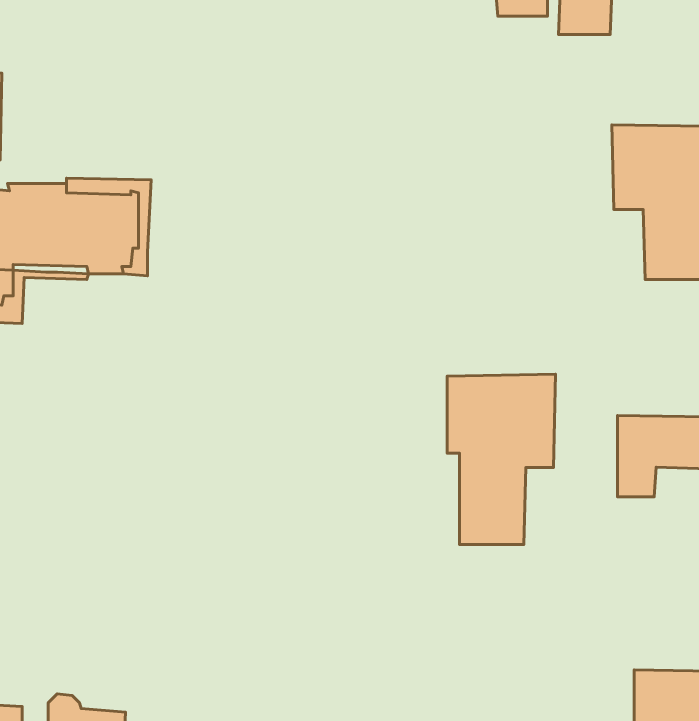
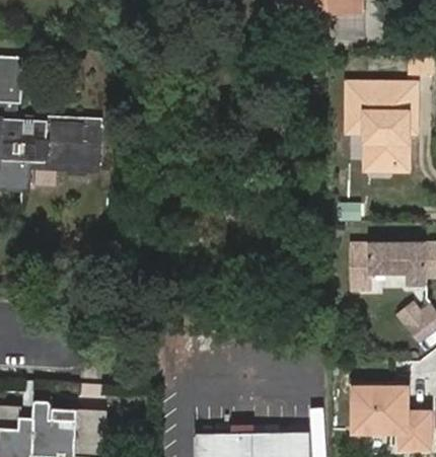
building: [447,374,555,544] -> none

